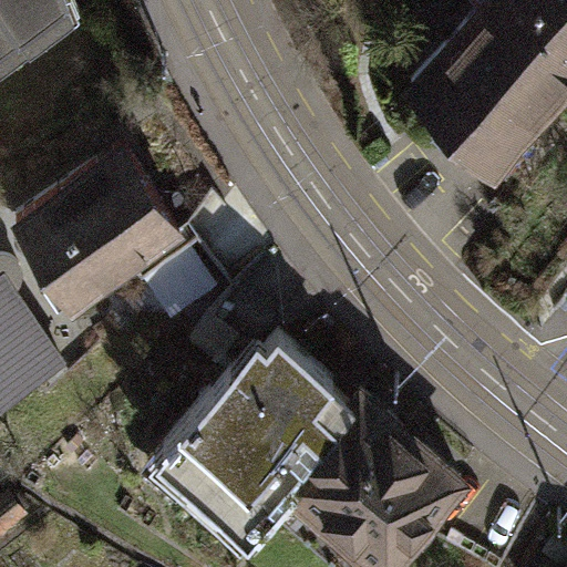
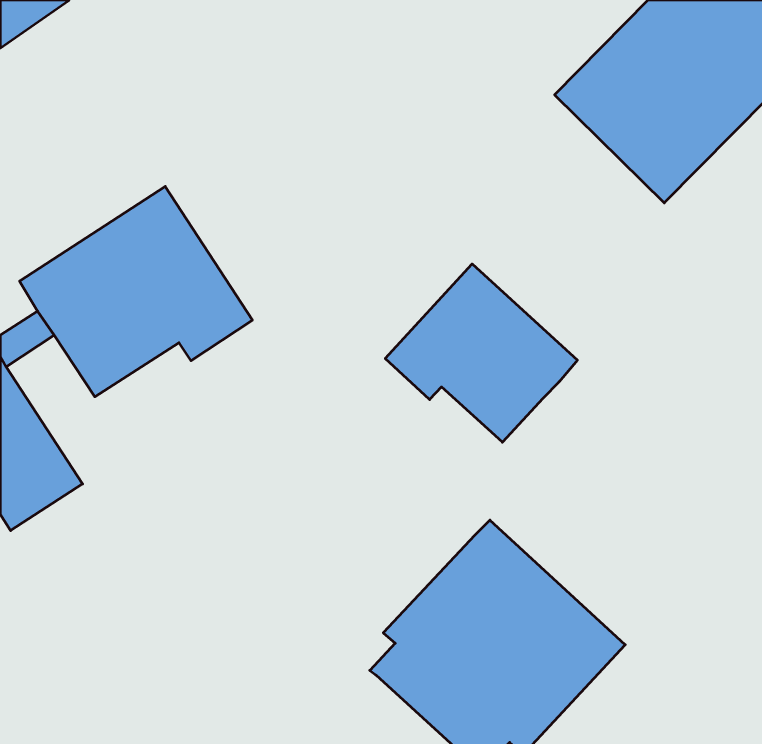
building: none -> [385,264,577,442]
building: [165,343,354,538] -> none

